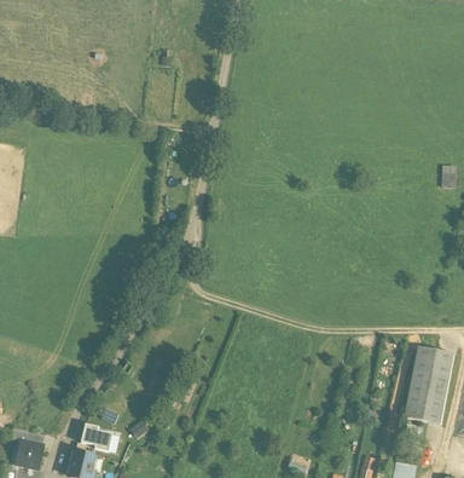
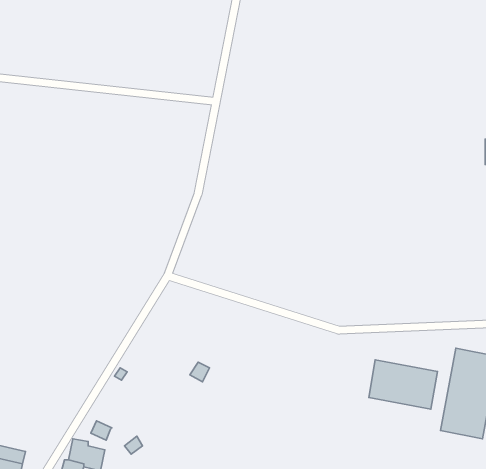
building: none -> [369,360,438,409]

